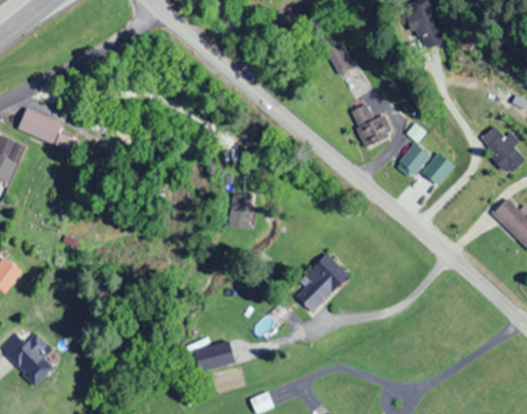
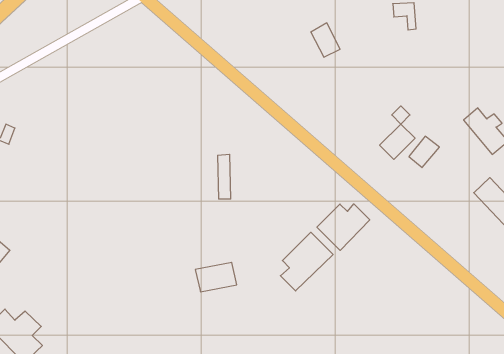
building: [350,103,394,146] -> none
building: [15,107,74,150] -> none
building: none -> [317,204,370,250]
building: [190,342,233,372] -> [195,262,237,292]

